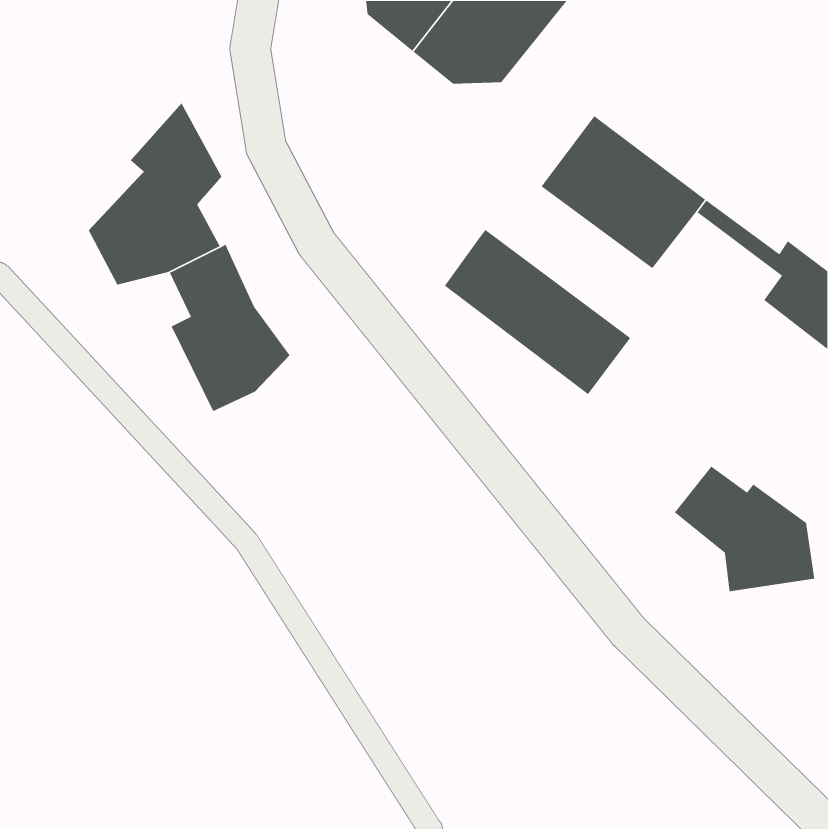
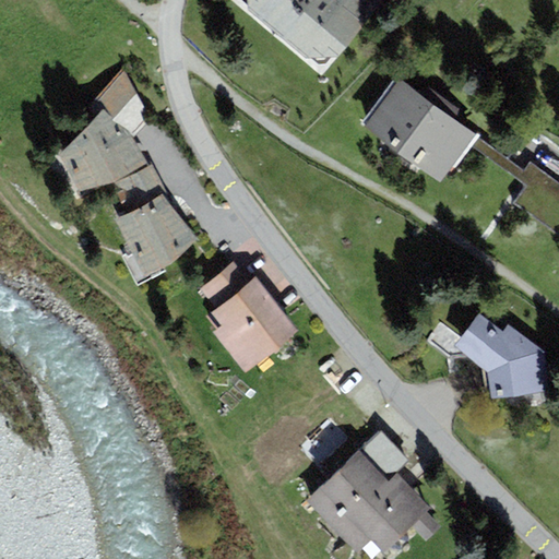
building: [444,229,631,395] -> none
building: none -> [199,262,297,372]
building: none -> [307,430,440,552]

